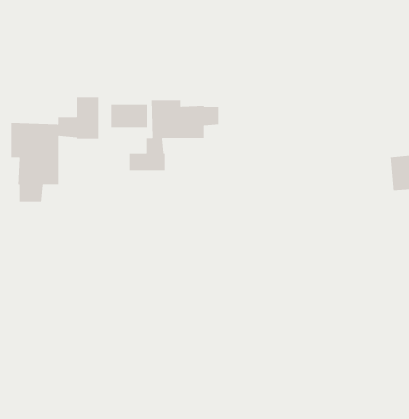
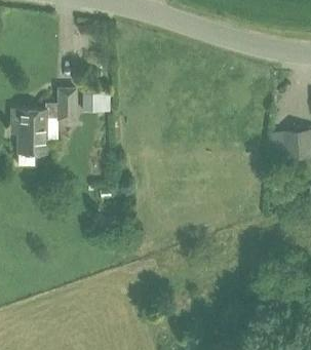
building: [129,99,219,171] -> none

